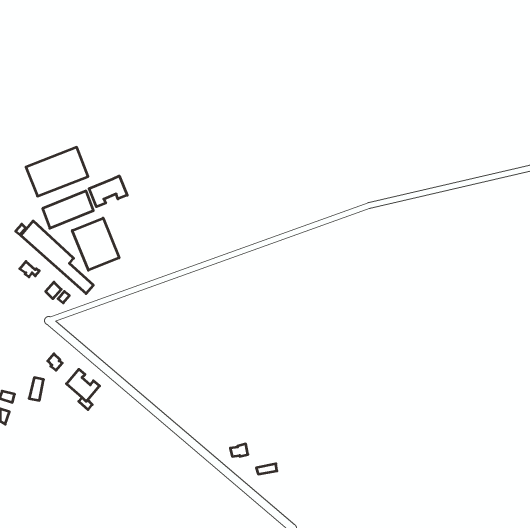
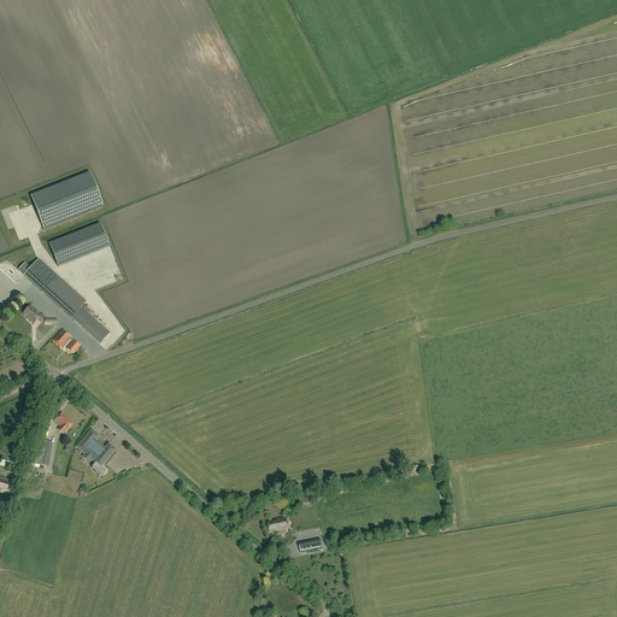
building: [89,176,127,207] -> none
building: [72,218,119,270] -> none

